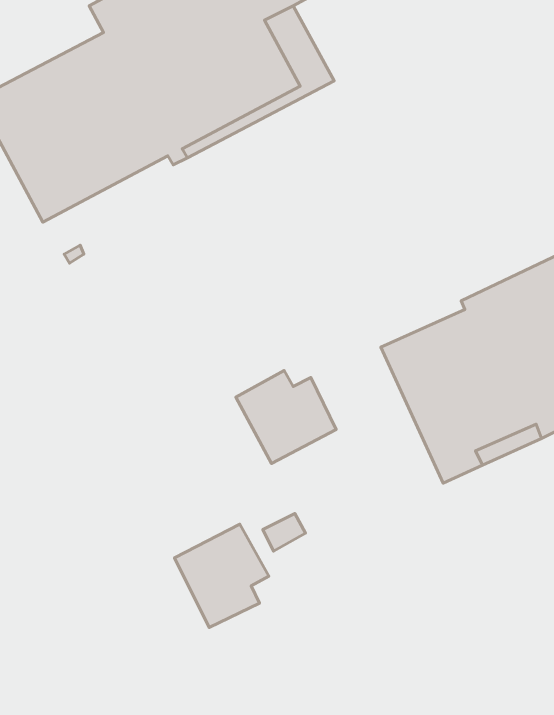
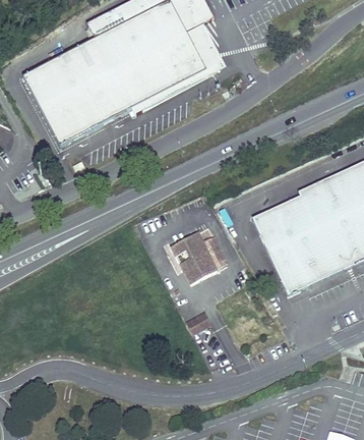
building: [174,524,269,627] -> none

